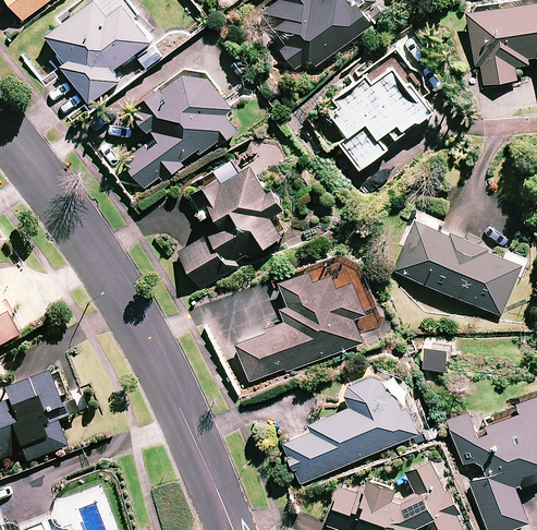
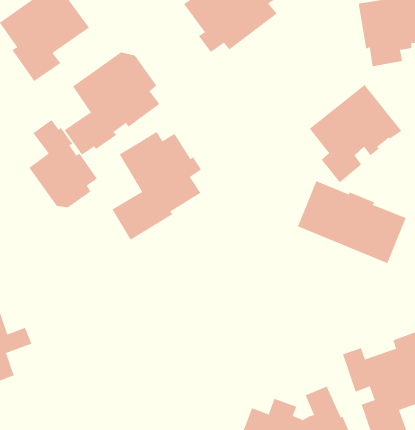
building: [325,56,434,171] -> [309,84,402,183]
building: none -> [29,119,98,208]
building: [234,268,365,383] -> none
building: [283,373,418,484] -> none

